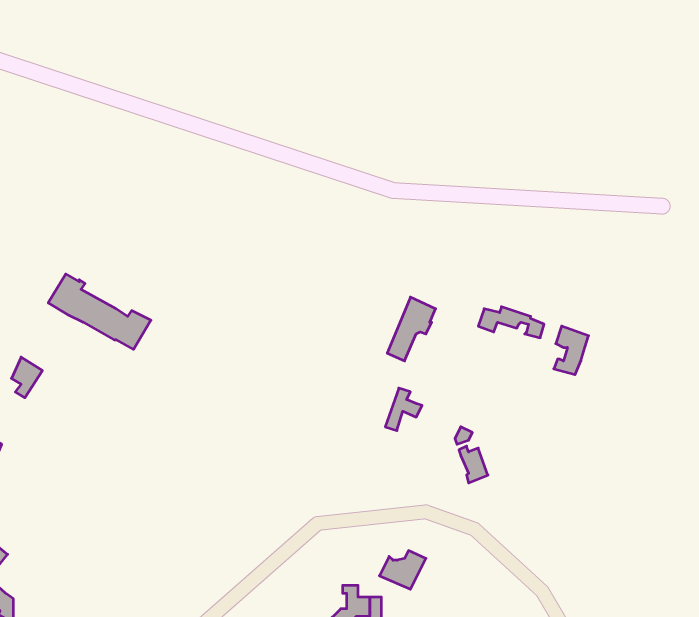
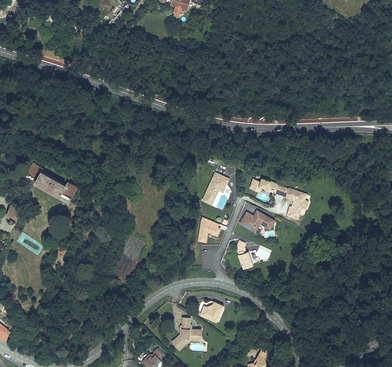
building: none -> [240,212,274,232]

